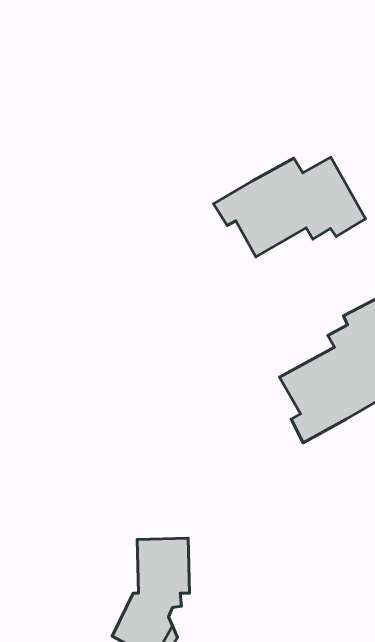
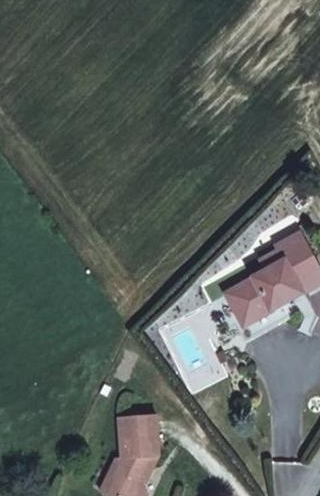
building: [213,157,366,257] -> none

